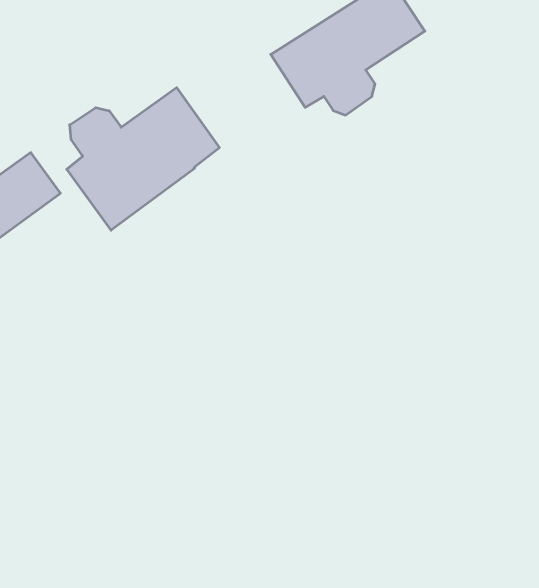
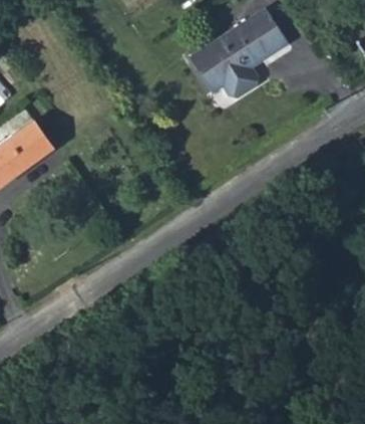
building: [67,88,219,230] -> none

